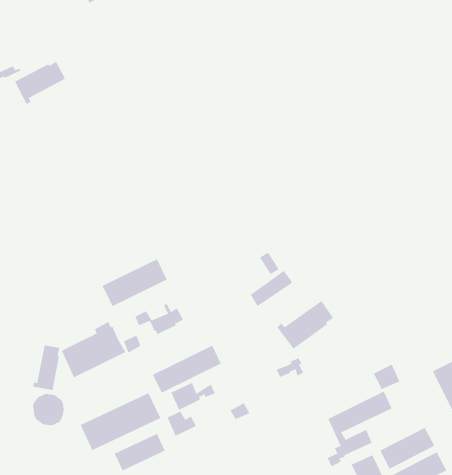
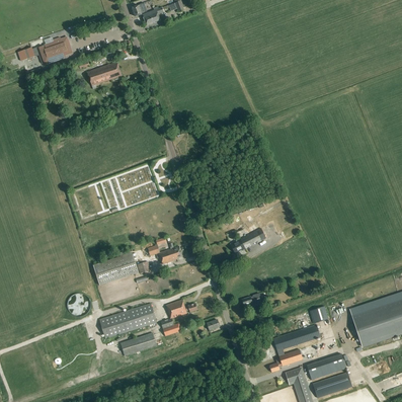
building: [102,258,168,307] -> none
building: [277,300,334,350] -> none
building: [33,344,60,391] -> none
building: [152,345,222,394] -> none

